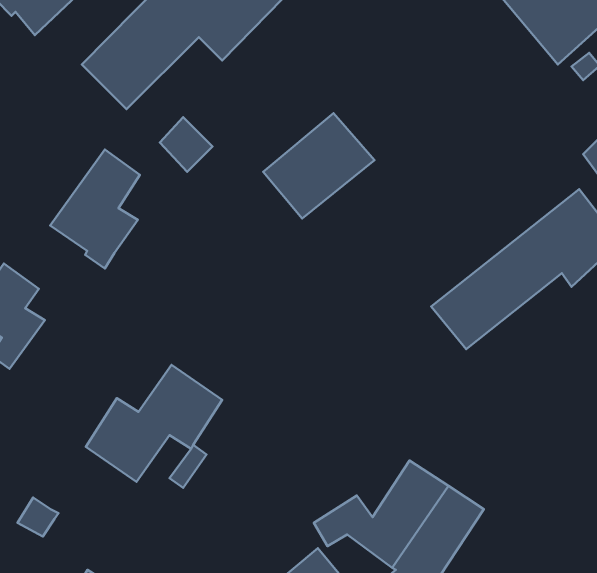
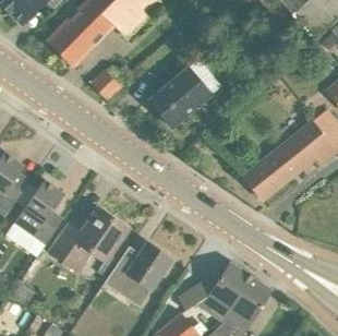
building: [50,150,140,268] -> [13,179,63,245]
building: none -> [102,242,170,301]

